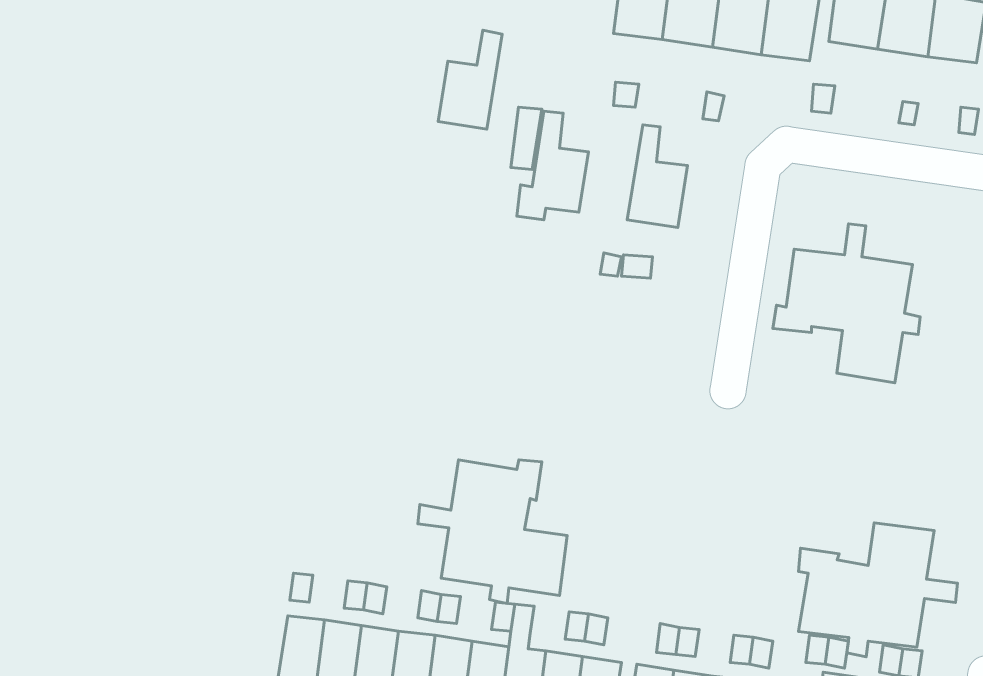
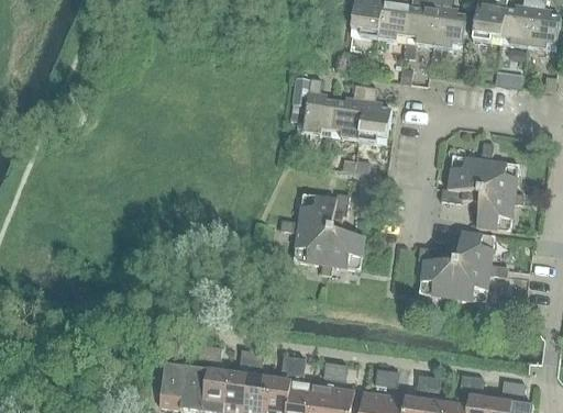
building: [438,30,502,129] -> [330,82,366,138]
building: [418,460,567,603] -> [279,192,364,274]
building: [798,523,957,657] -> [418,231,508,306]

